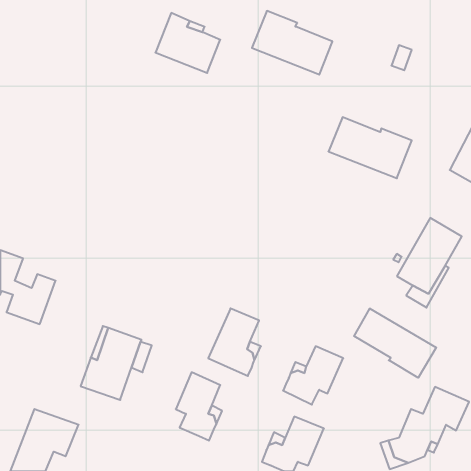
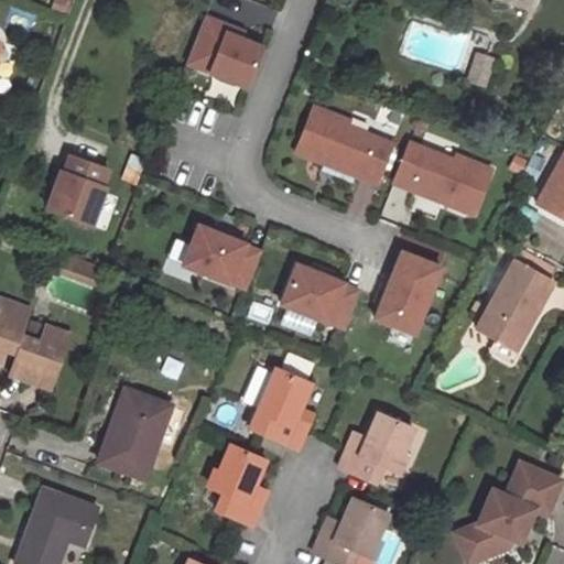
building: [252,11,332,75] -> [296,107,392,183]
building: none -> [47,156,107,226]
building: none -> [184,226,260,289]
building: none -> [377,252,442,333]
building: none -> [283,267,356,326]
building: [354,308,436,378] -> none

